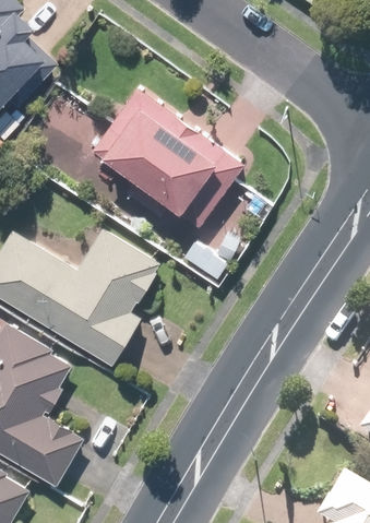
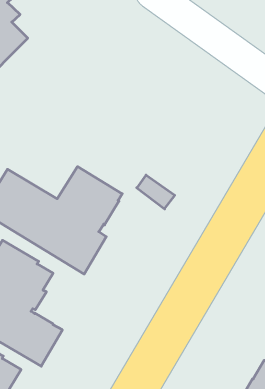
building: [94,87,247,217] -> none

